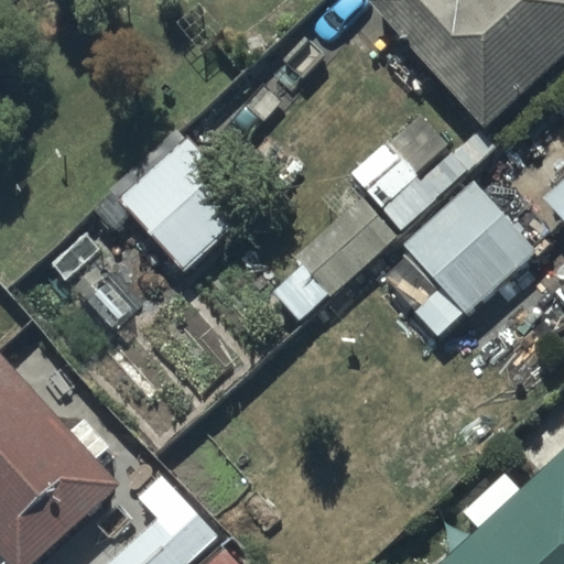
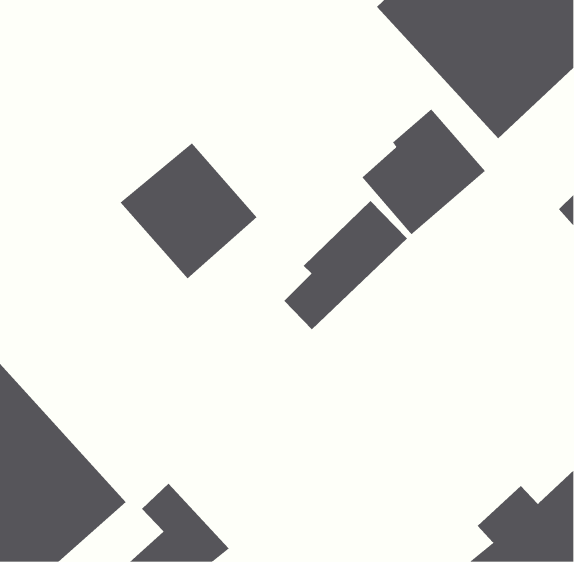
building: [403,181,536,314] -> none

